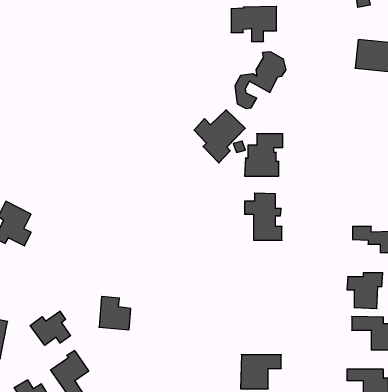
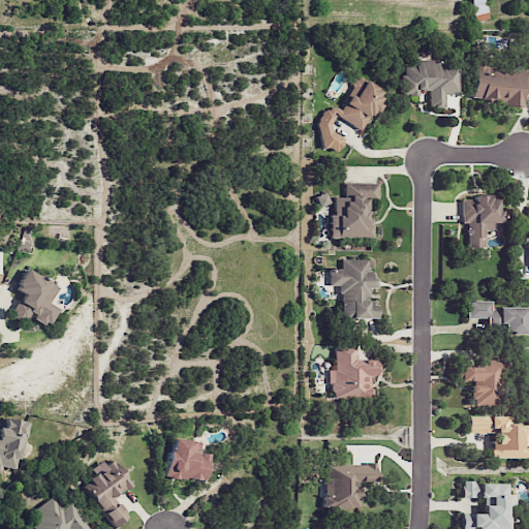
building: [231,6,277,41] -> [405,62,463,106]
building: [194,110,245,163] -> none
building: none -> [464,196,503,246]
building: none -> [332,346,380,399]
building: [99,296,131,330] -> [168,438,209,480]
building: [30,311,71,345] -> none

